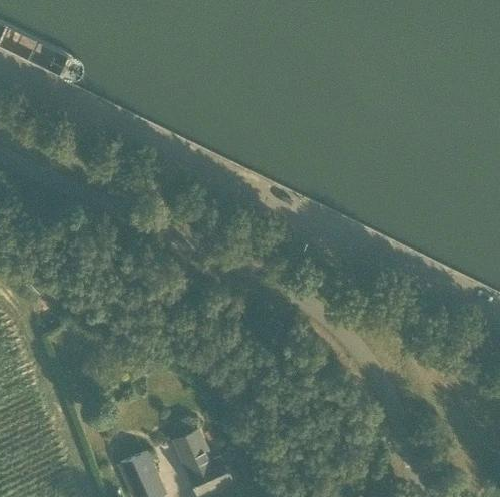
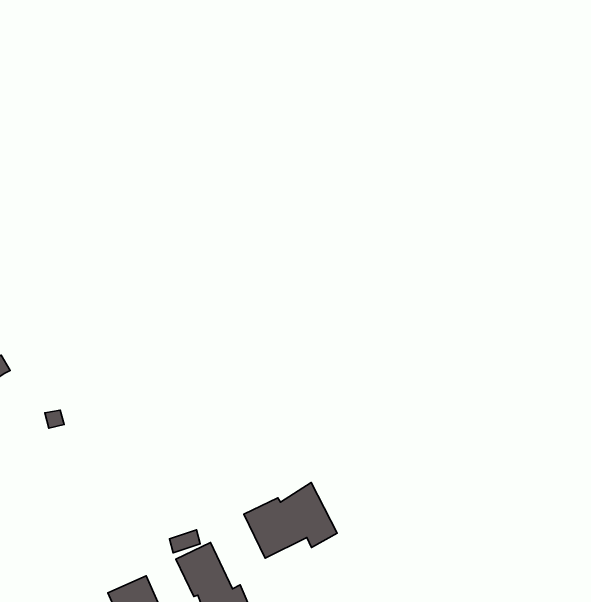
building: none -> [244,483,337,558]

